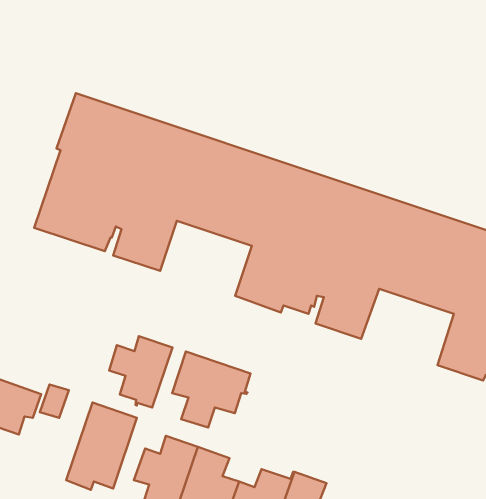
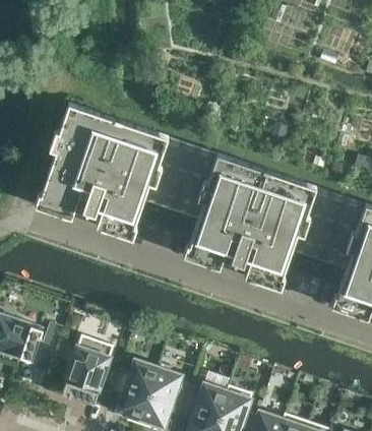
building: [109,336,172,407] -> none
building: [172,352,250,427] -> none

